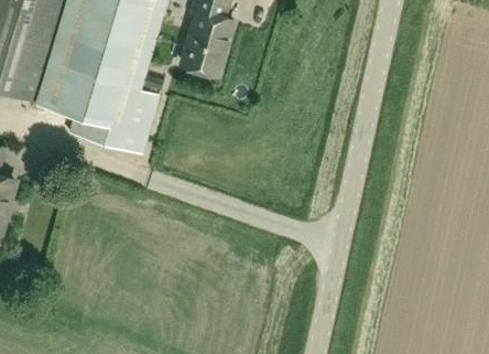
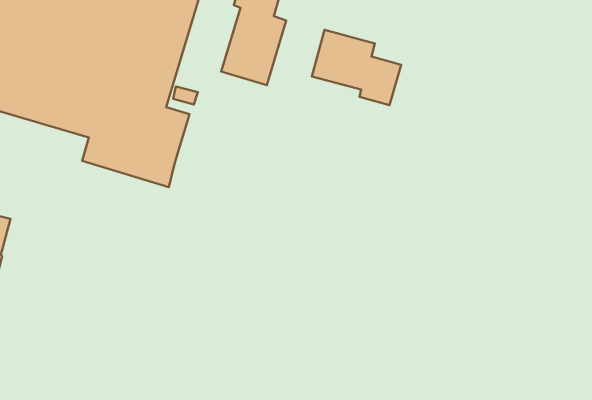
building: none -> [312,30,401,105]

